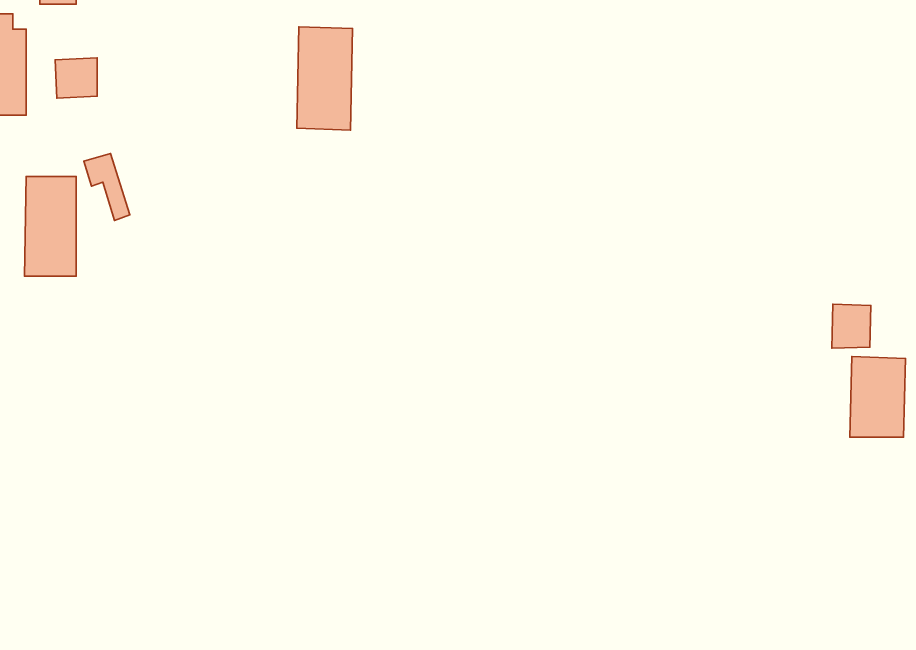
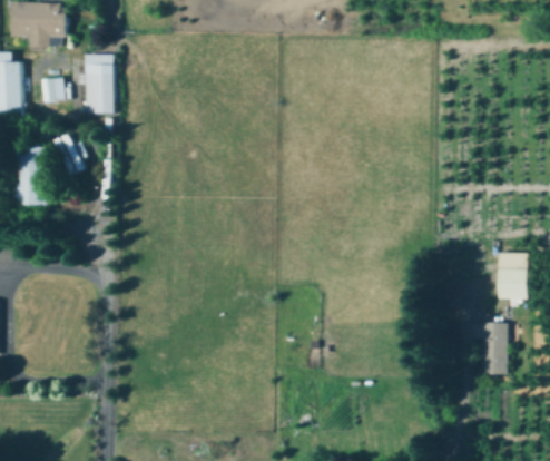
building: [297,27,352,130] -> [84,53,116,114]
building: [832,304,871,348] -> none
building: none -> [482,323,509,374]

